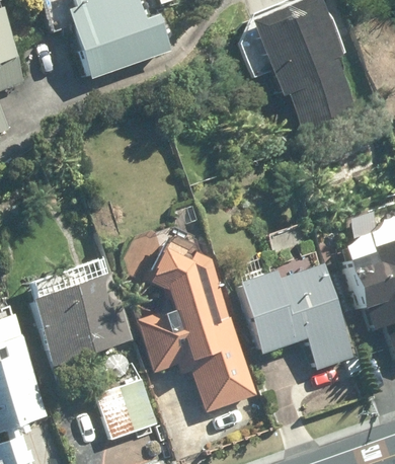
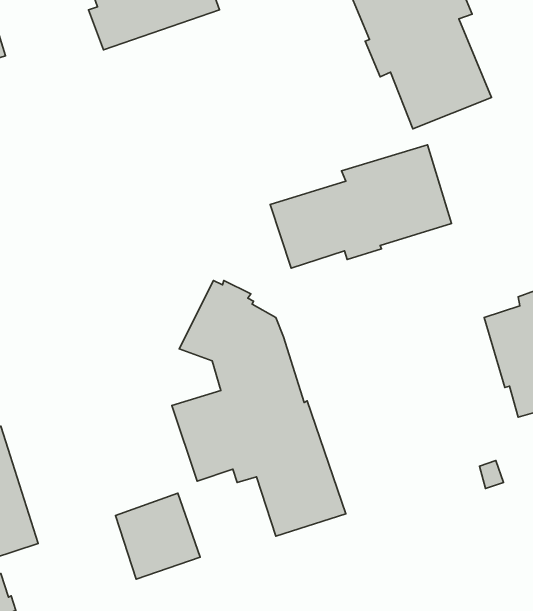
building: none -> [270,145,452,268]
building: [240,264,353,368] -> none
building: [33,277,130,364] -> none

